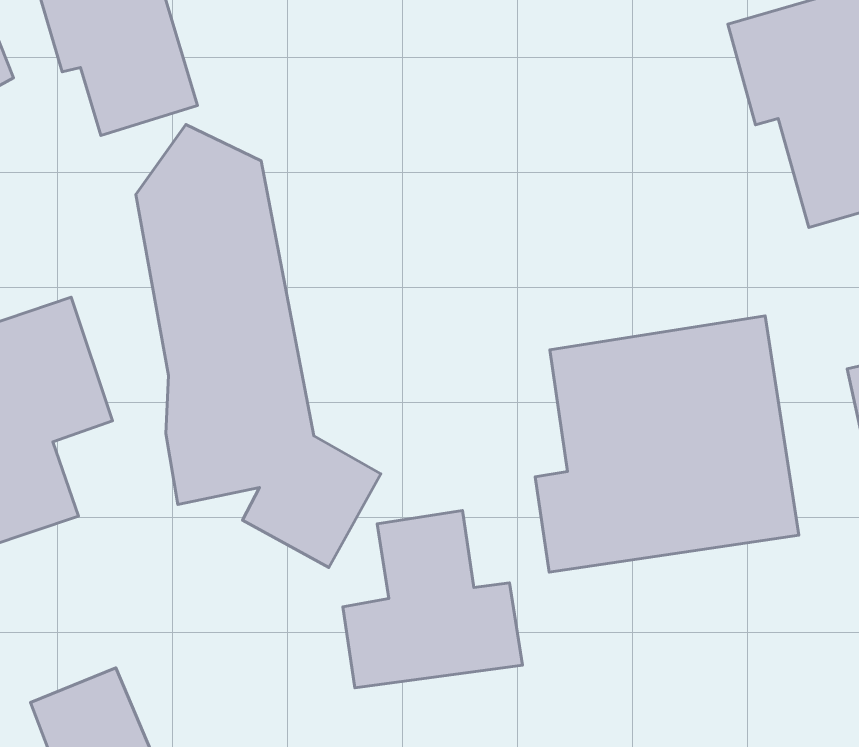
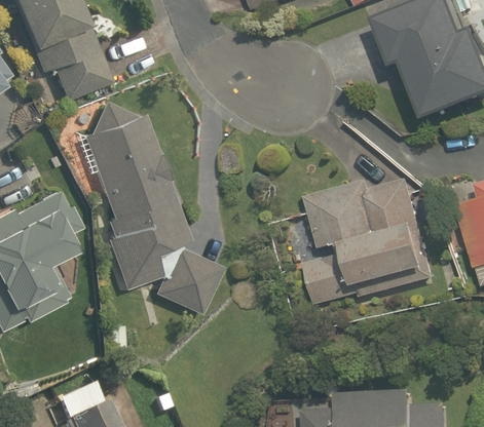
building: [343,510,523,688] -> none

